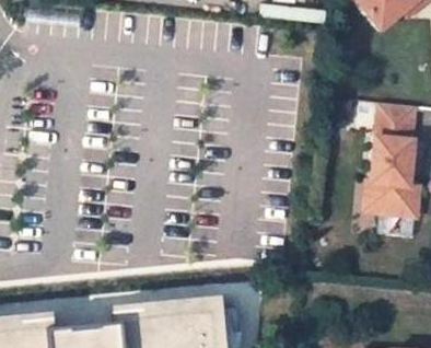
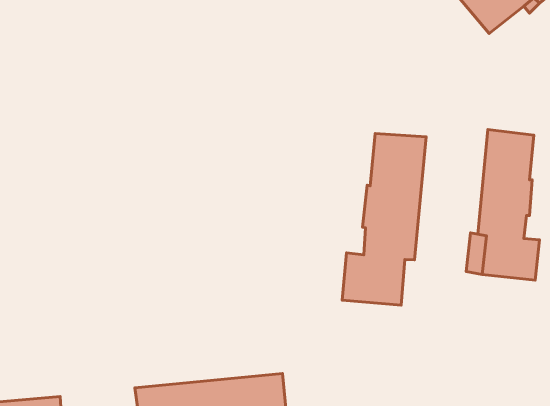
building: none -> [342,134,426,305]

